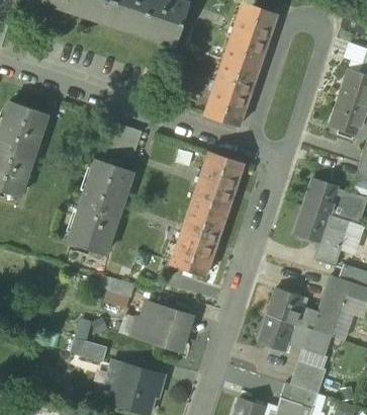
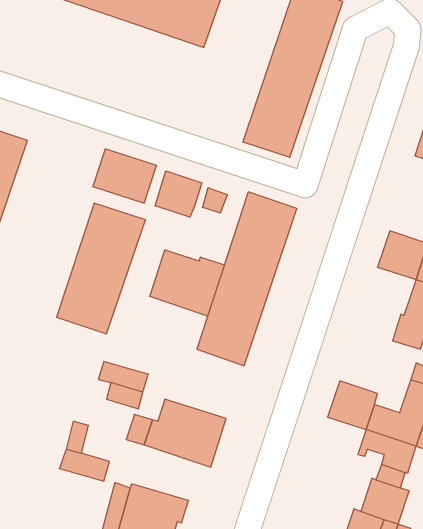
building: none -> [155,171,202,217]
building: none -> [150,250,224,316]
building: [294,206,331,242] -> none
building: [258,316,294,351] -> none

